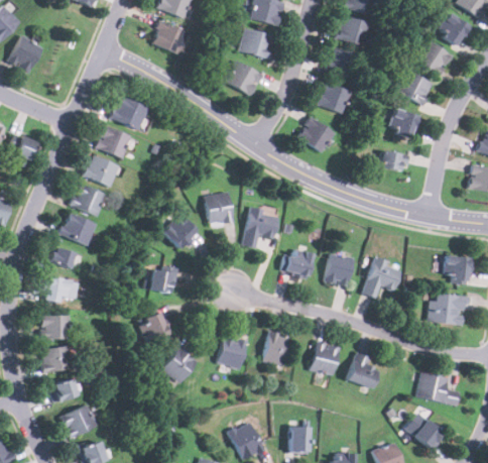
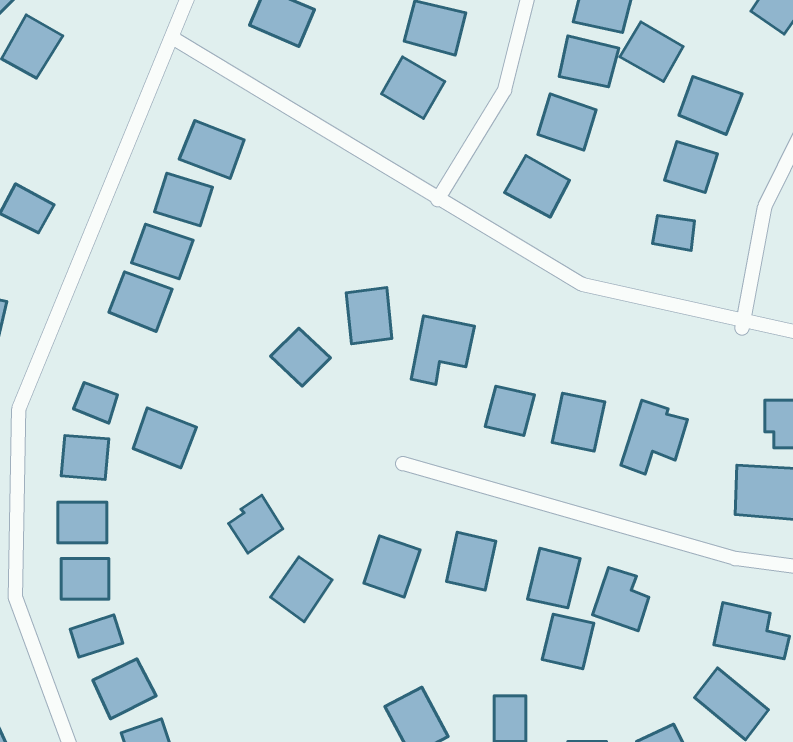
building: [415,40,452,75] -> [620,22,683,82]
building: [59,211,96,245] -> [133,408,197,468]
building: [149,263,177,294] -> none
building: none -> [542,614,594,669]

